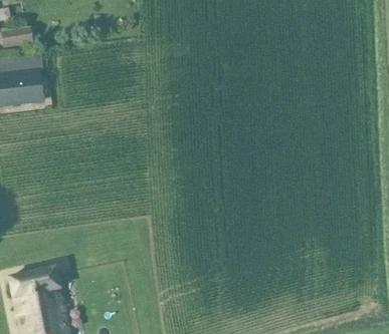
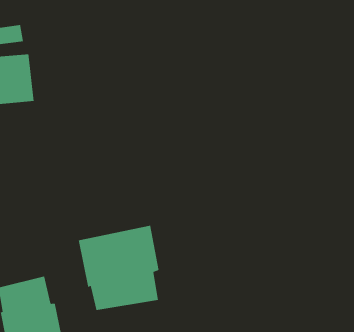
building: none -> [78,225,159,311]

